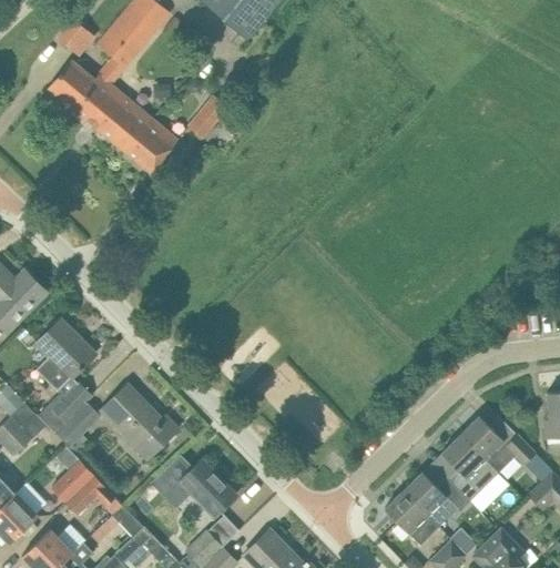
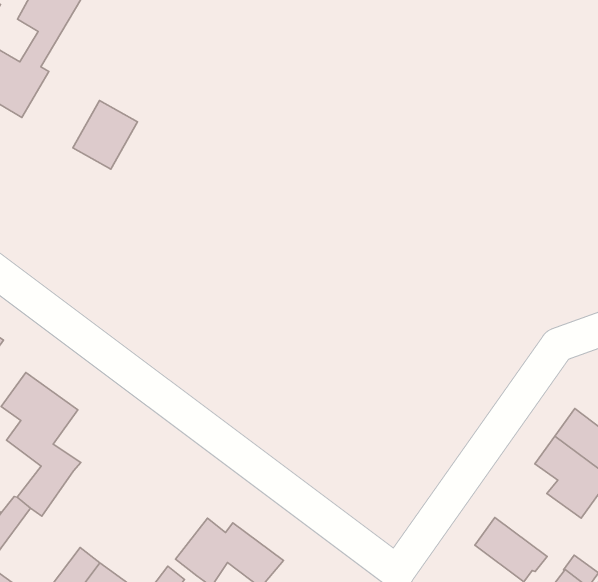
building: [89,89,151,151] -> none
building: [187,94,228,138] -> none
building: [100,383,177,458] -> none
building: [54,400,101,456] -> none
building: [404,470,470,526] -> none

